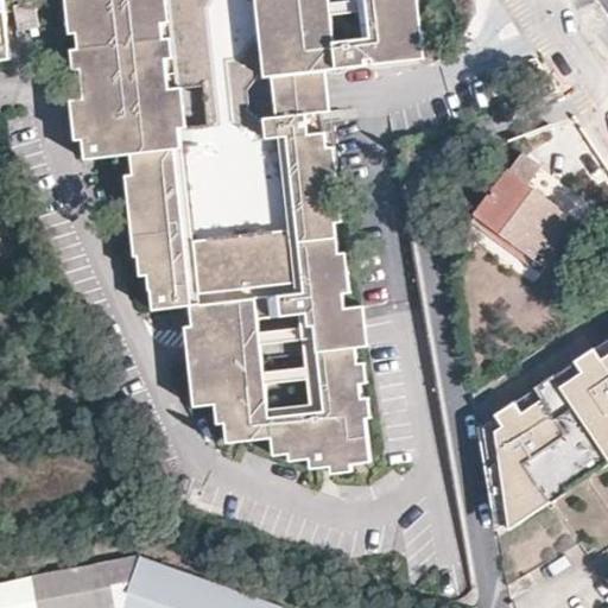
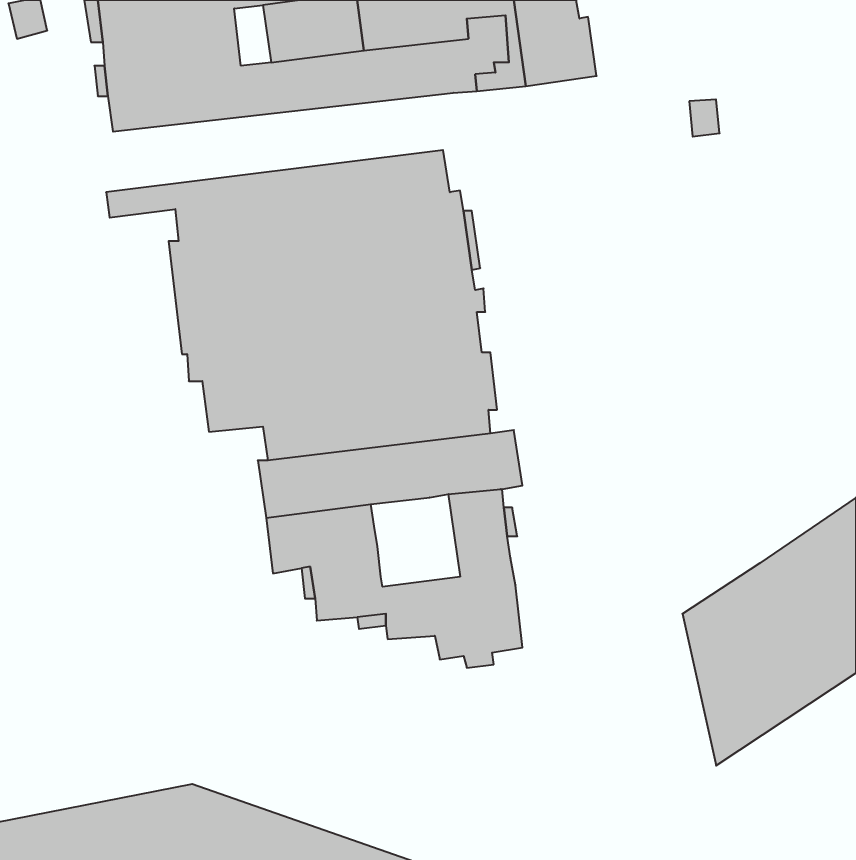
building: [65,66,325,138] -> none
building: [471,151,575,264] -> none
building: [264,349,324,414] -> none

